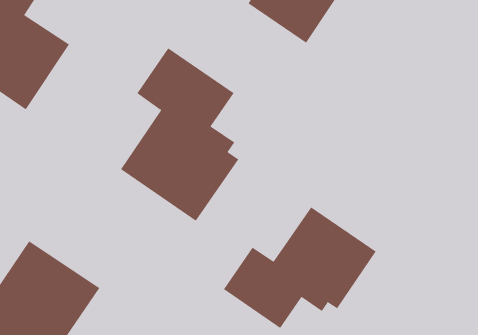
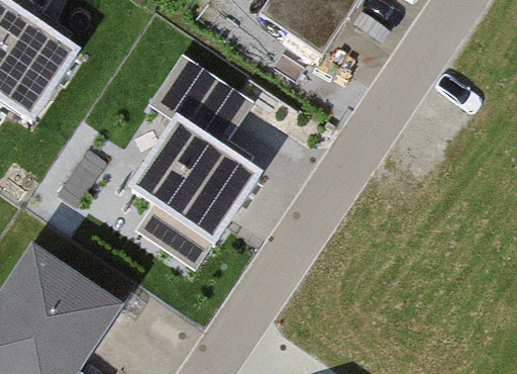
building: [223,206,377,329] -> none

